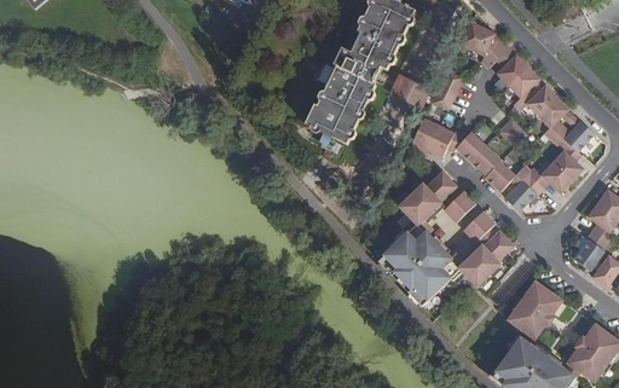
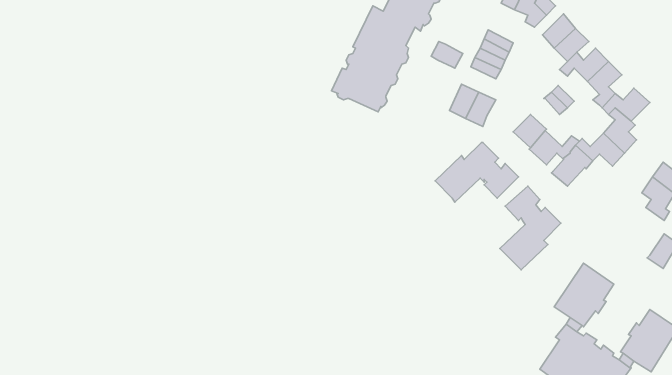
building: [446,129,486,161] -> none
building: [378,221,458,305] -> none
building: [574,230,608,270] -> none

